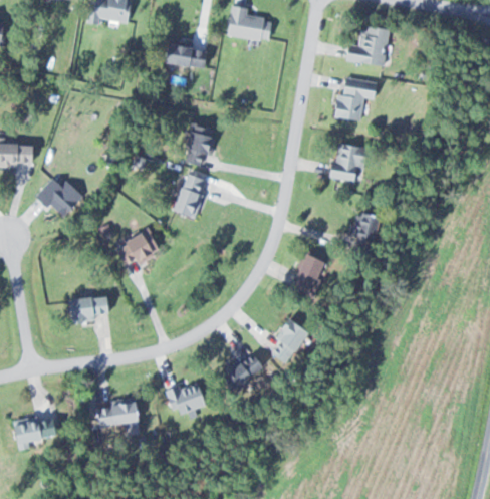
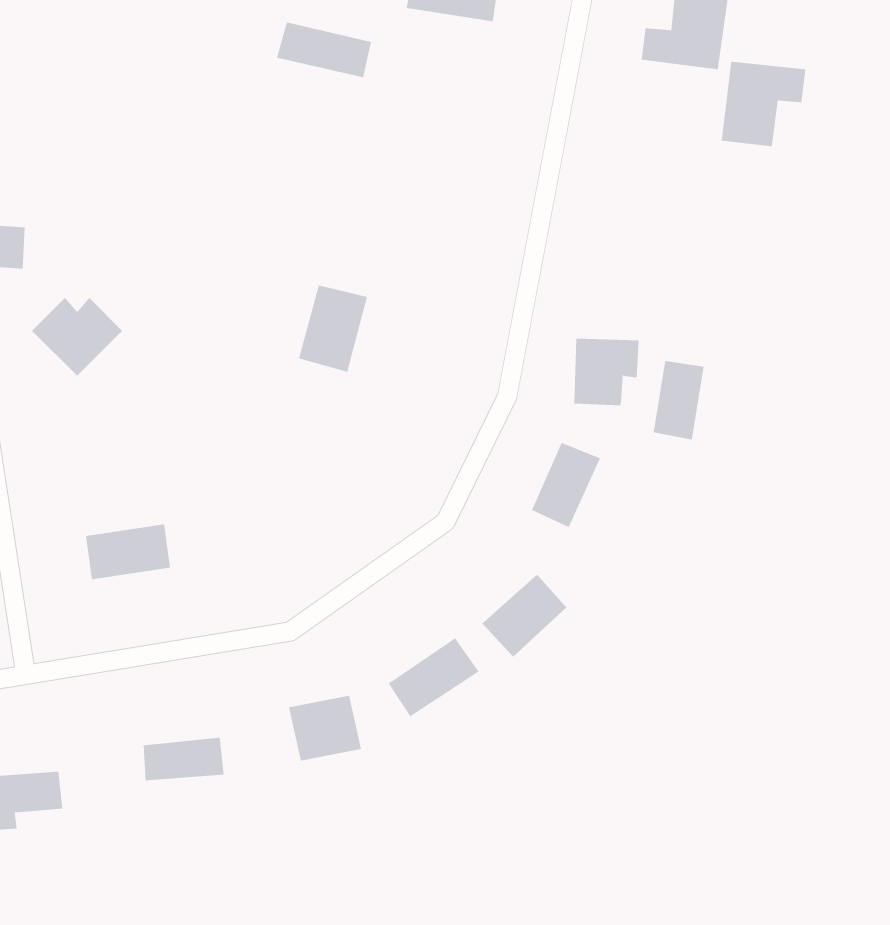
building: [335,77,379,120] -> [721,61,806,147]
building: [183,124,214,167] -> none
building: [333,146,366,180] -> [574,338,639,406]
building: [113,229,159,268] -> none

